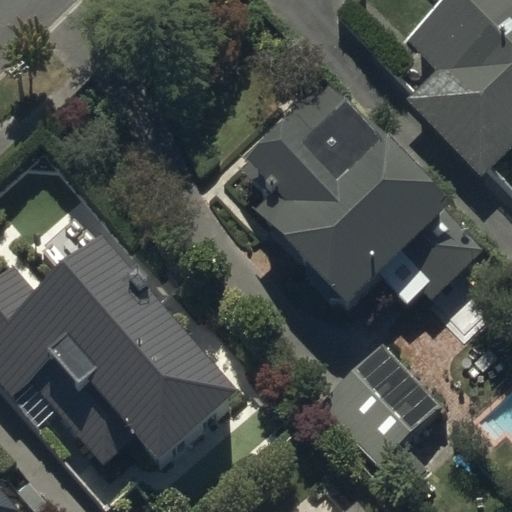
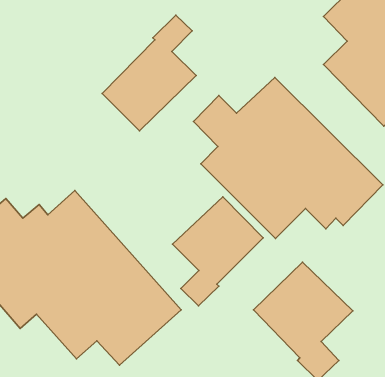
building: none -> [102,15,196,131]
building: none -> [173,197,263,306]

